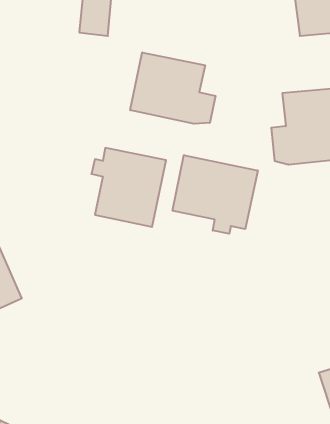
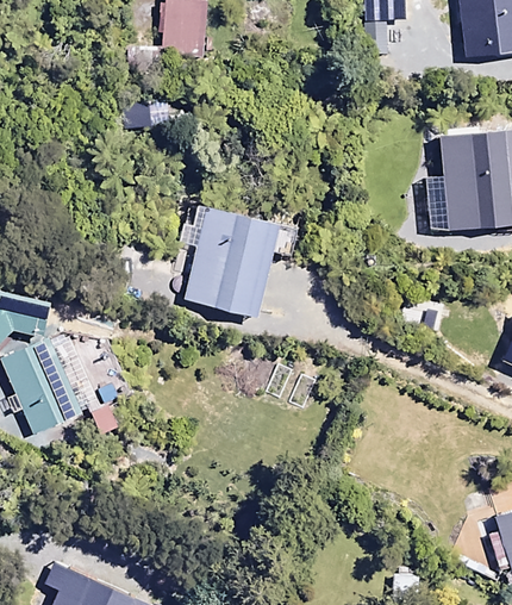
building: [130,52,216,124] -> none
building: [173,155,258,234] -> none

